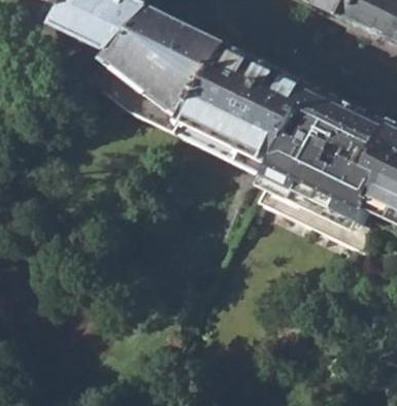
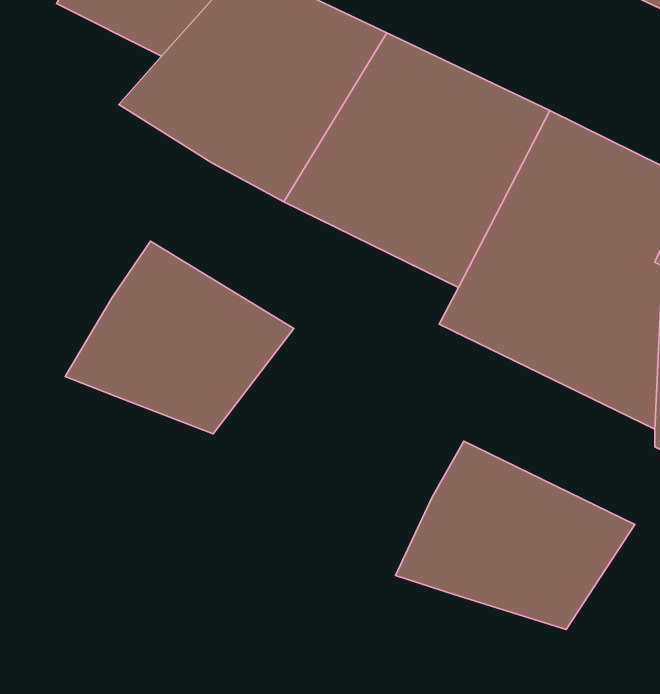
building: none -> [65,241,294,434]
building: none -> [395,441,635,629]

